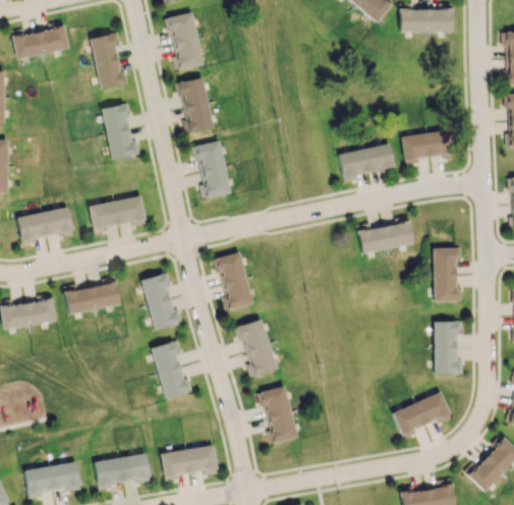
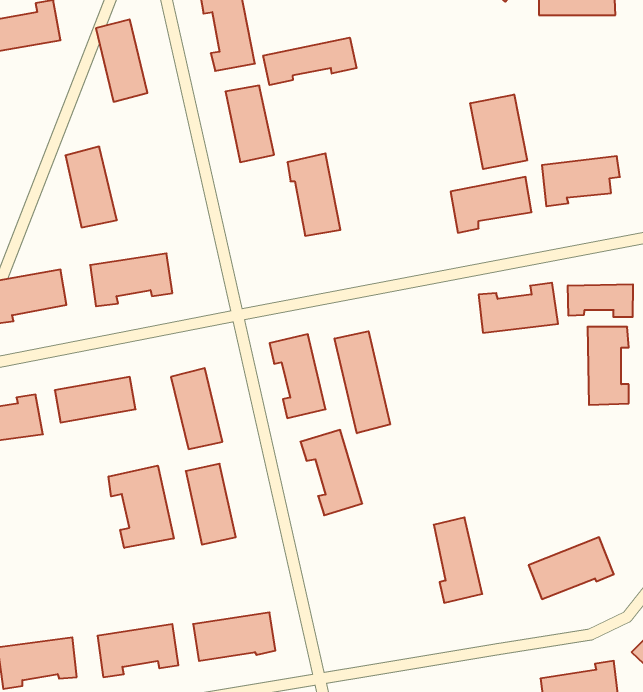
building: none -> [263,38,357,85]
building: none -> [470,94,527,169]
building: [104,106,139,162] -> [65,147,117,227]
building: [192,141,229,198] -> [287,153,340,236]
building: none -> [568,284,633,317]
building: none -> [335,331,390,433]
building: [434,322,462,375] -> none
building: none -> [109,466,174,548]
building: [263,386,296,445] -> [434,517,482,603]

